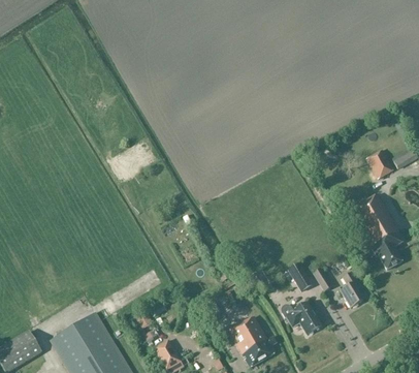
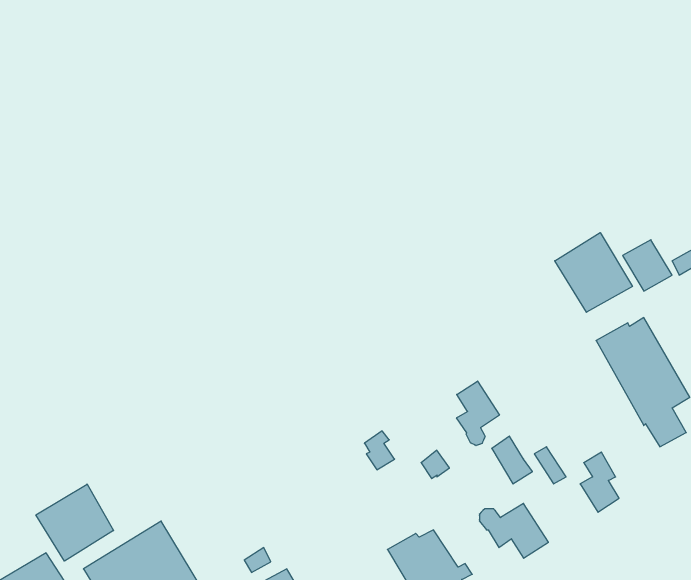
building: none -> [555,233,632,312]
building: none -> [457,381,499,446]
building: none -> [36,484,114,561]

